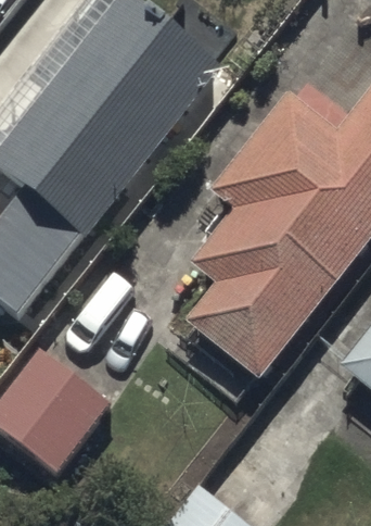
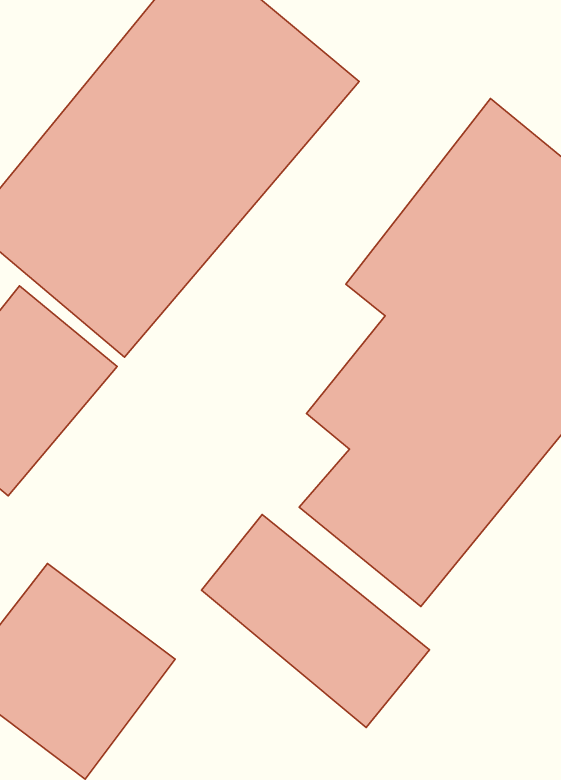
building: none -> [202,515,429,727]

